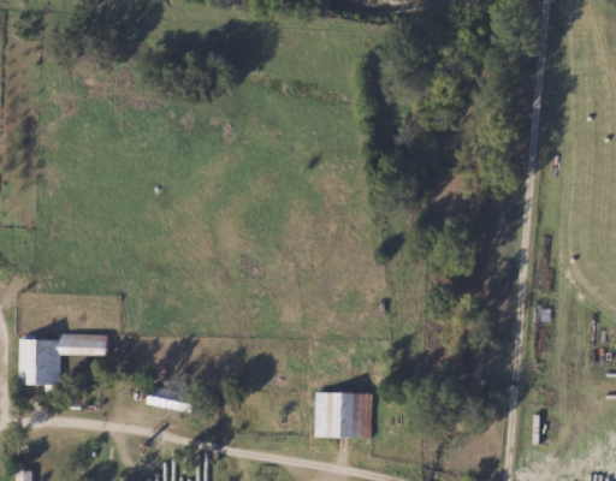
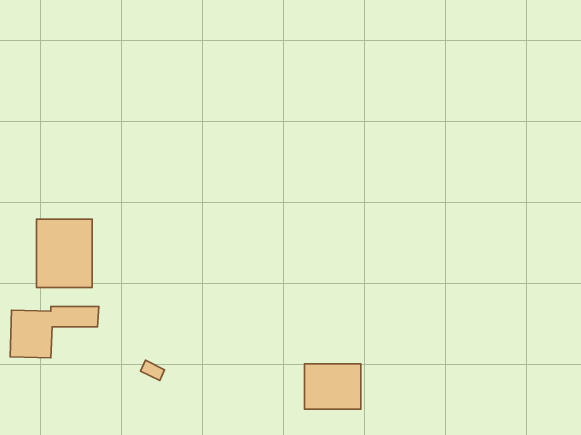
building: none -> [37,219,92,287]

